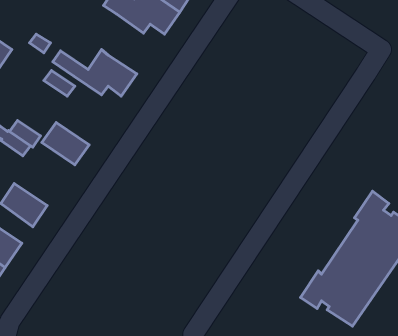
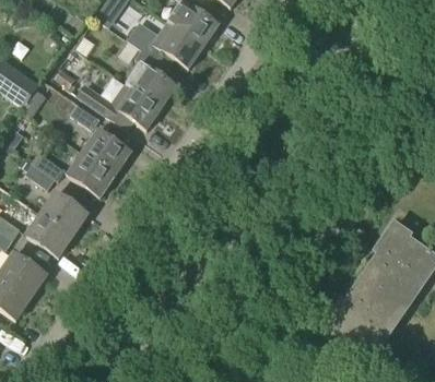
building: none -> [126,49,176,108]
building: none -> [81,131,130,178]
building: none -> [39,193,87,238]

